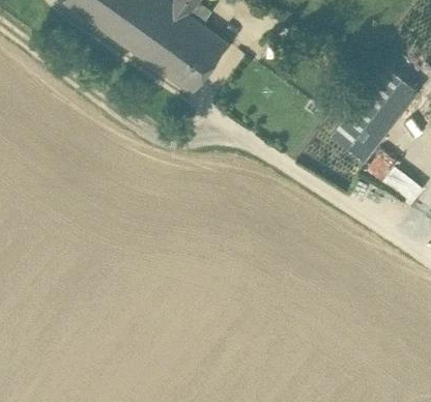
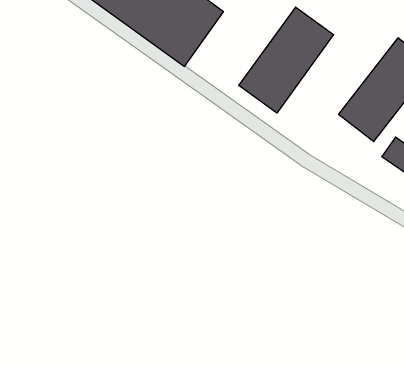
building: none -> [239,7,334,113]

